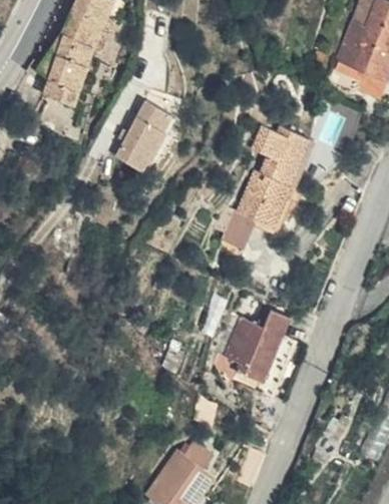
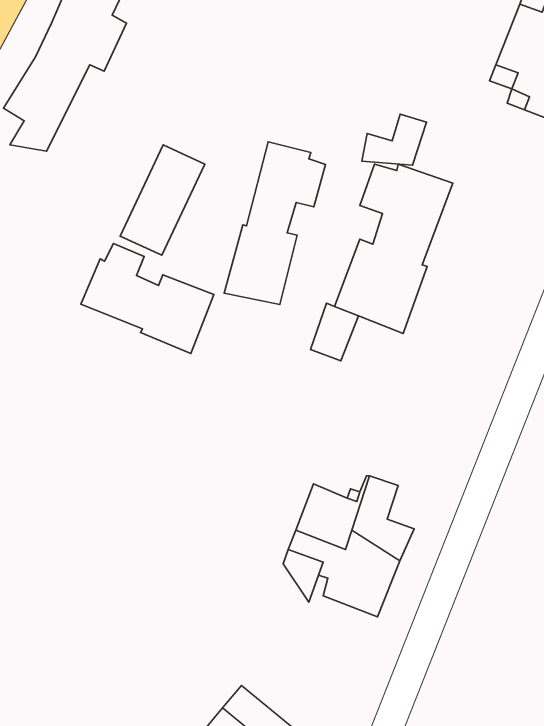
building: none -> [362,114,426,165]
building: none -> [224,142,326,304]
building: none -> [81,243,214,353]

